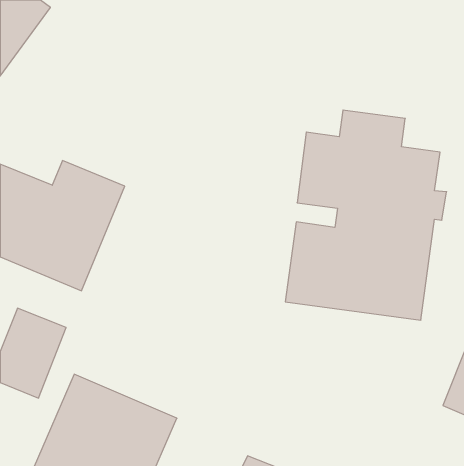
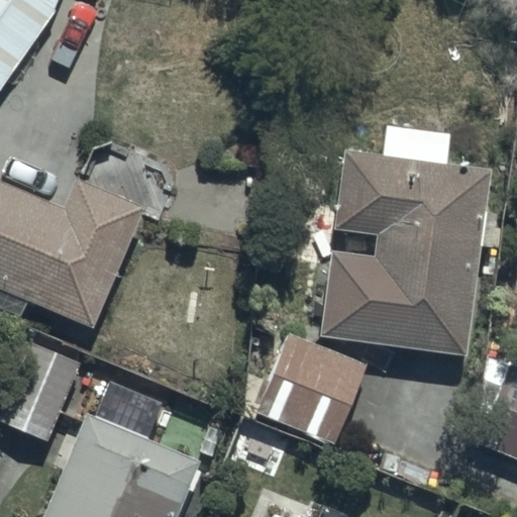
building: none -> [257,335,367,441]

